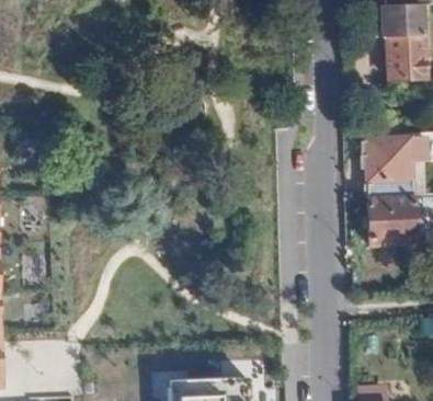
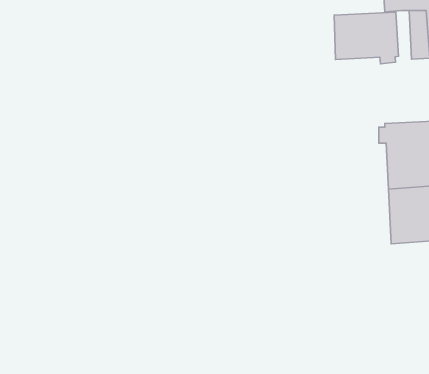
building: none -> [334,12,398,64]

